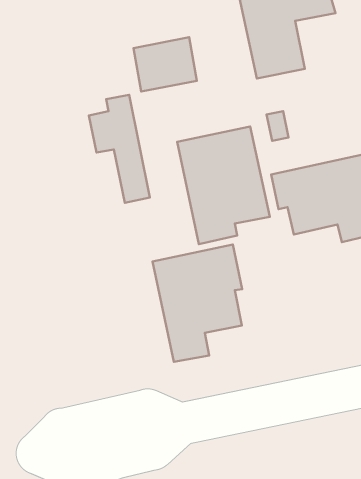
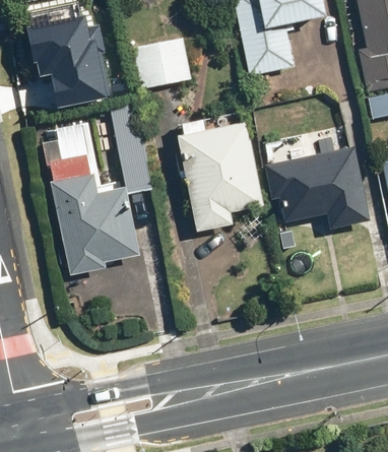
building: none -> [31,12,107,99]
building: none -> [43,139,138,274]
building: [153,245,242,362] -> none

